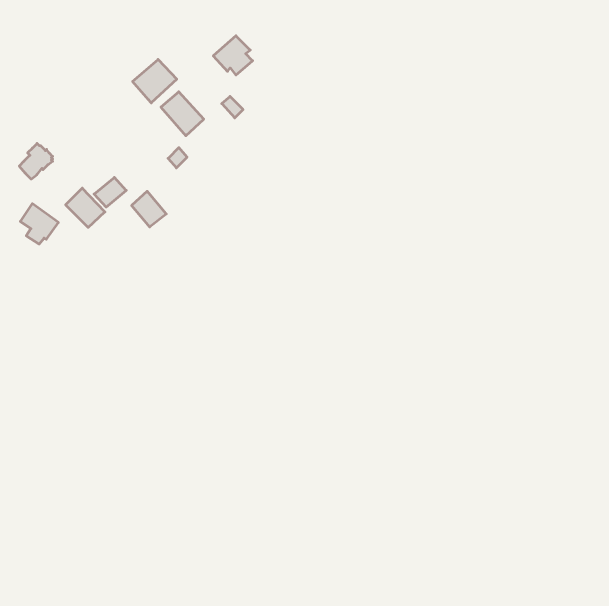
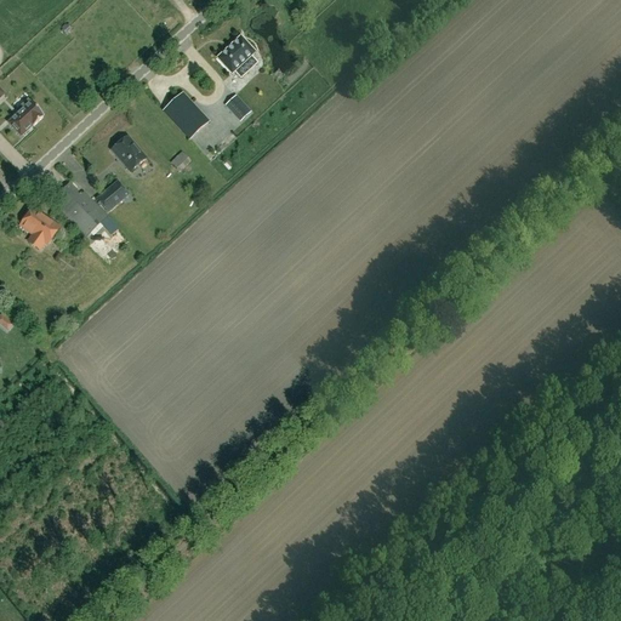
building: [133,59,177,103] -> none
building: [19,143,53,179] -> [8,98,42,135]
building: [132,191,166,227] -> [112,135,147,171]

